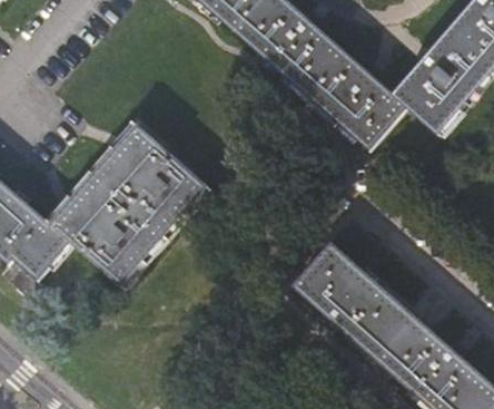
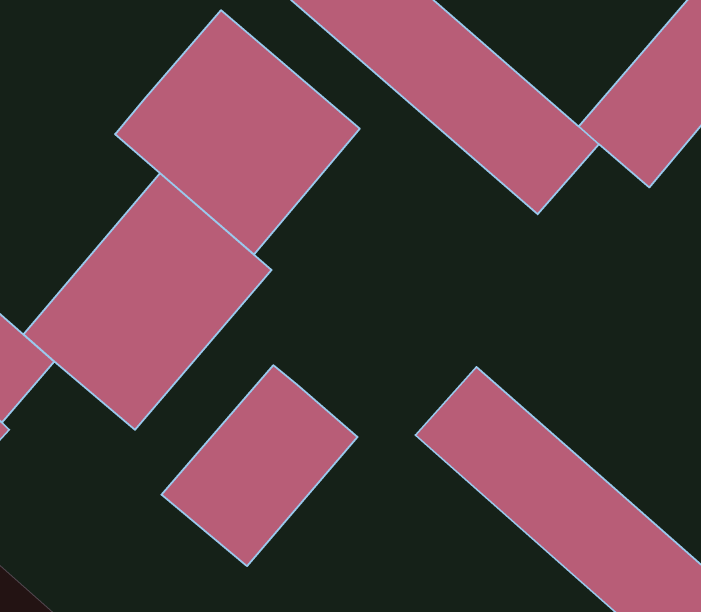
building: none -> [115,10,360,254]
building: none -> [161,365,358,566]

